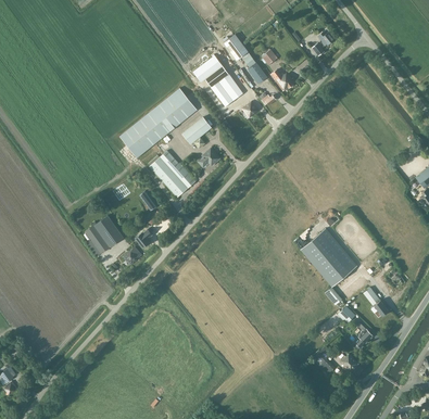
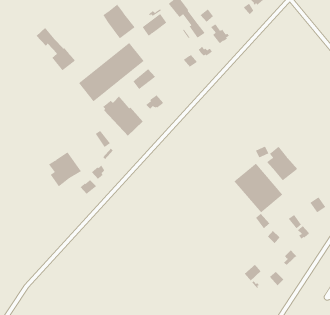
building: [205,65,243,106] -> [103,4,135,39]
building: none -> [36,27,76,71]
building: none -> [266,146,298,181]

